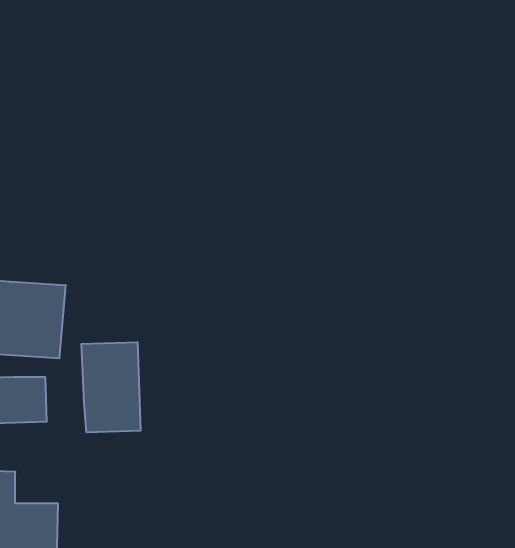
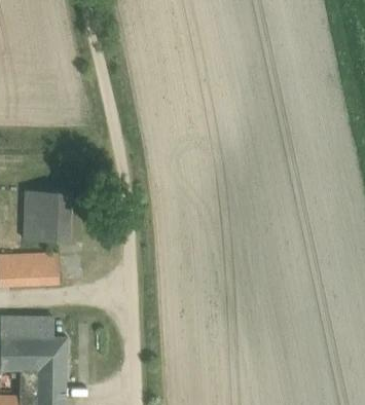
building: [82,342,140,432] -> none

